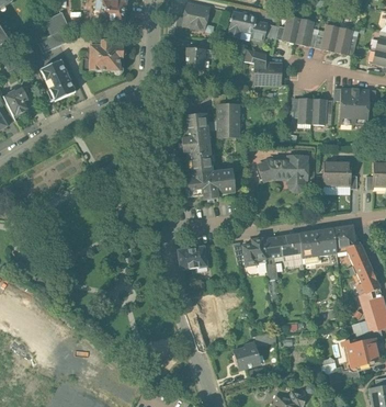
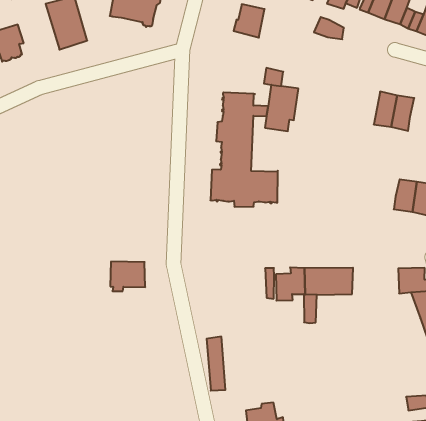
building: [256,63,281,84] -> none
building: [259,156,307,191] -> none
building: [299,228,337,256] -> none
building: [179,247,207,272] -> [110,262,145,291]

